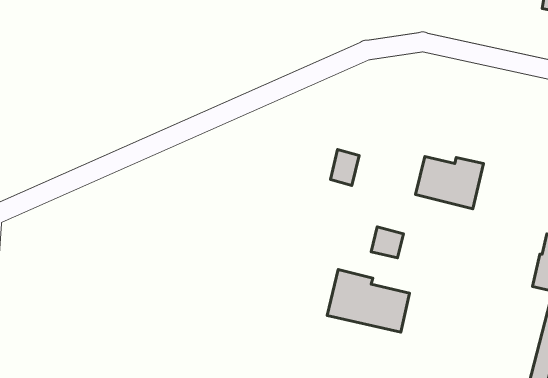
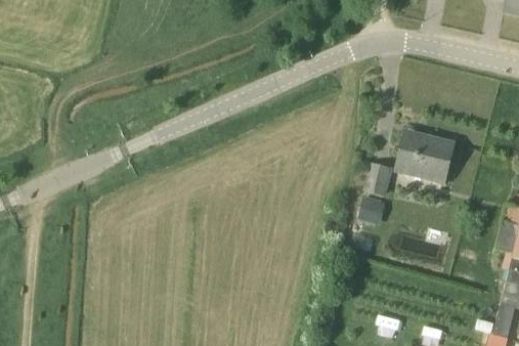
building: [330,150,359,185] -> [366,163,391,193]
building: [327,269,409,332] -> none

